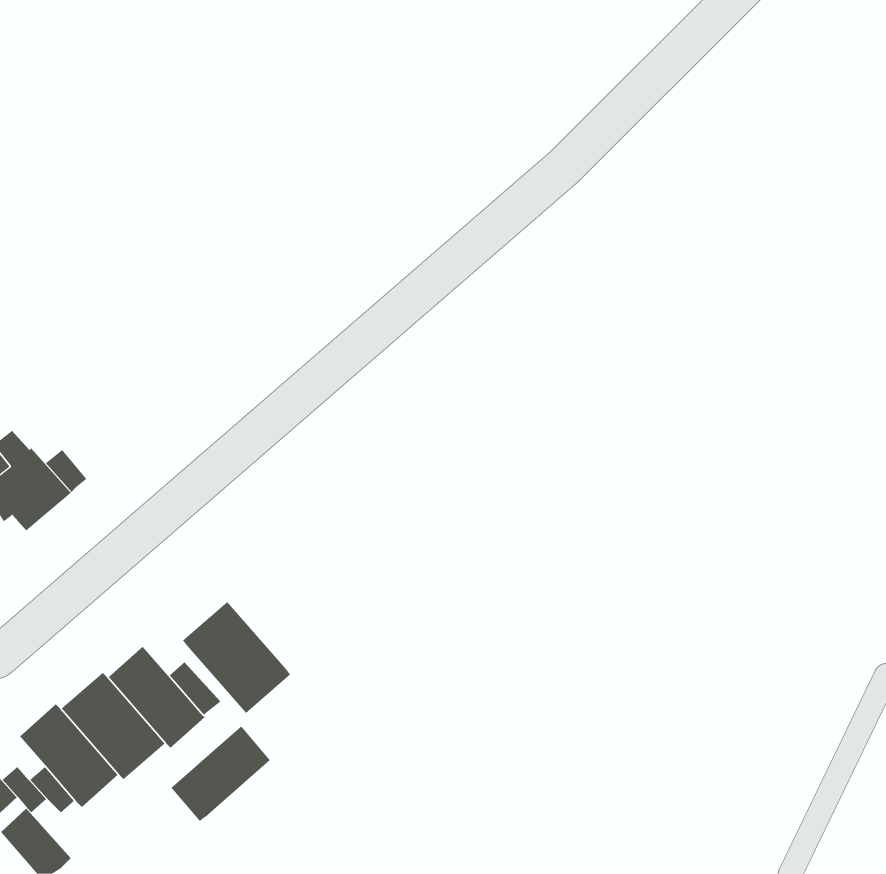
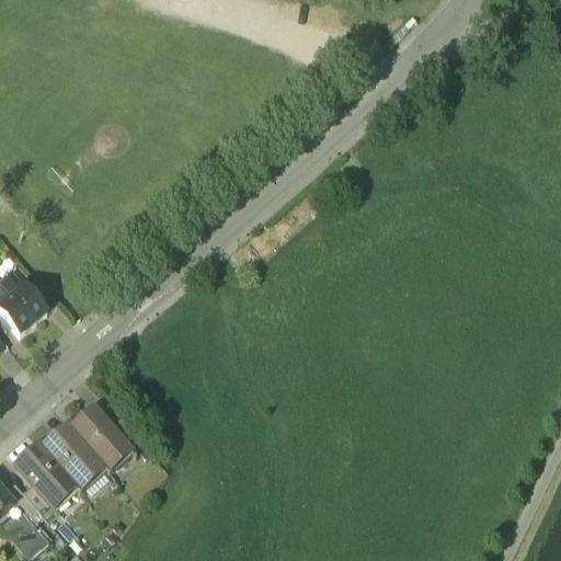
building: [182,601,291,714] -> none
building: [170,726,271,822] -> none

